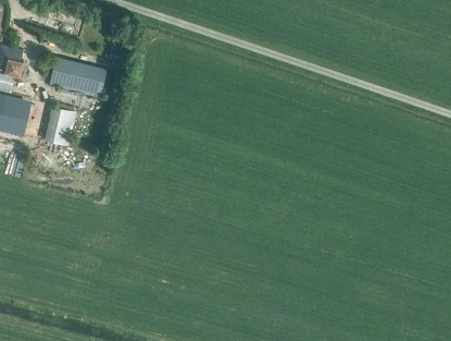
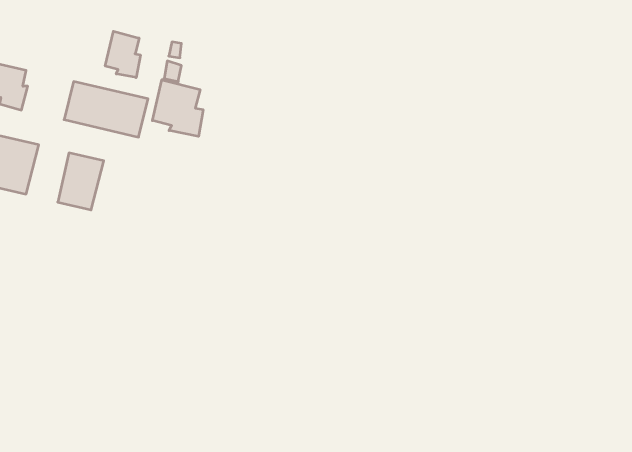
building: none -> [105,31,140,78]
building: none -> [152,80,203,136]

